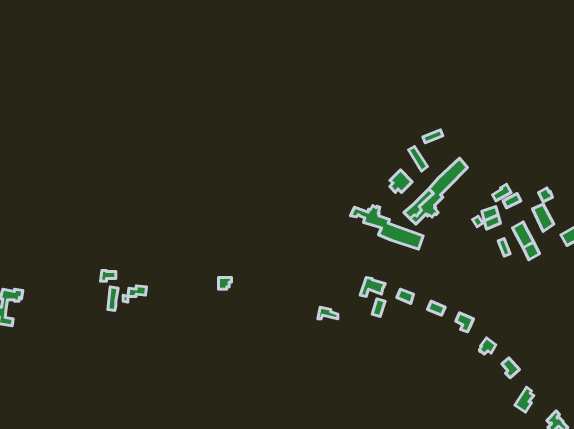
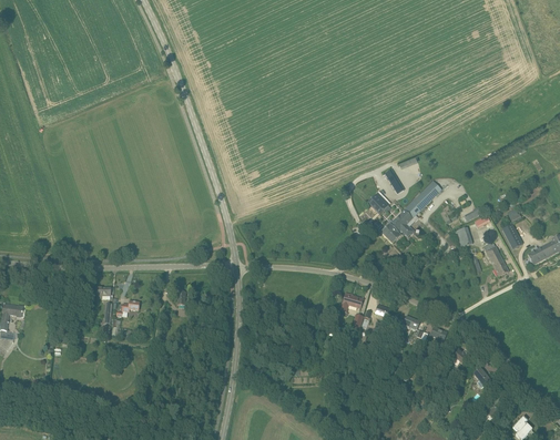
building: [351,206,423,249] -> none

